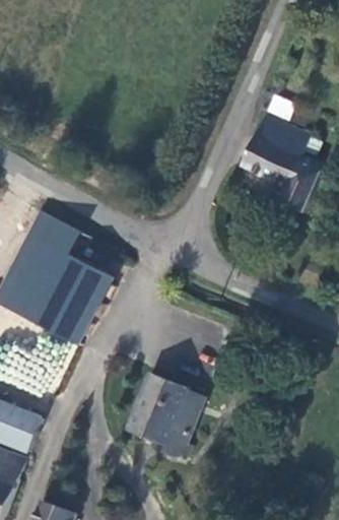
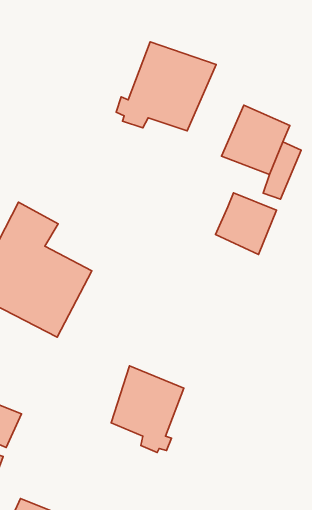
building: none -> [116,42,216,131]
building: none -> [216,193,277,254]

